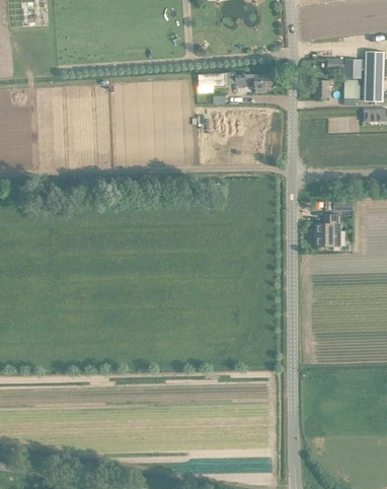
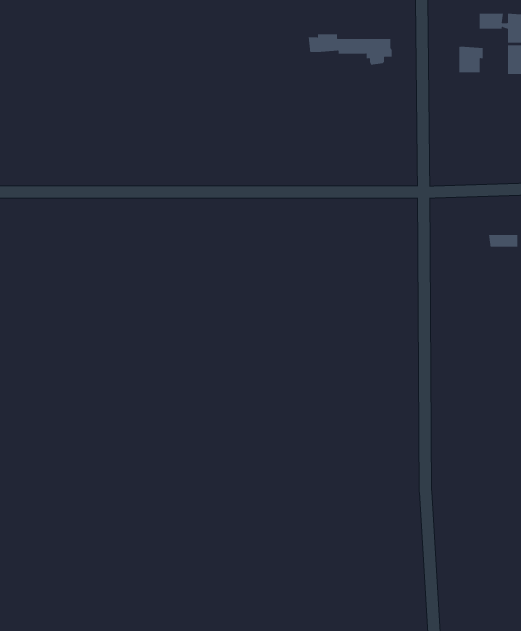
building: [315,213,339,249] -> none

